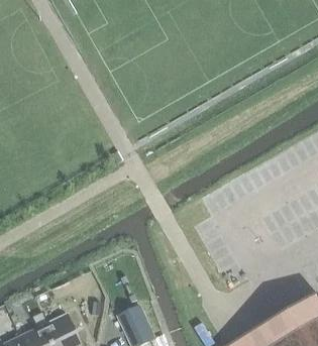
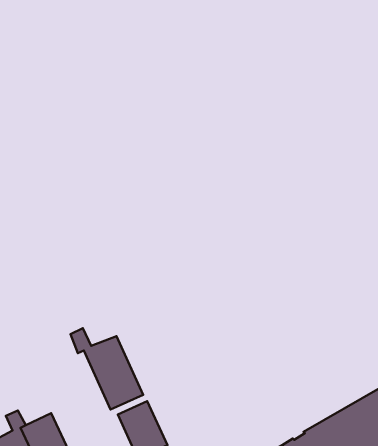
building: none -> [71,328,143,409]

